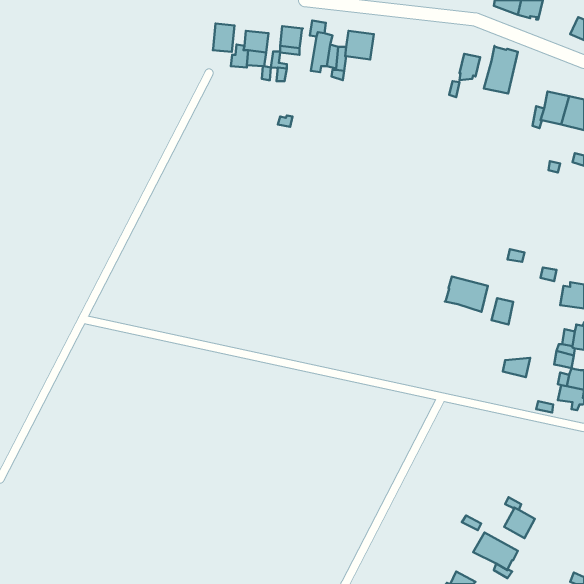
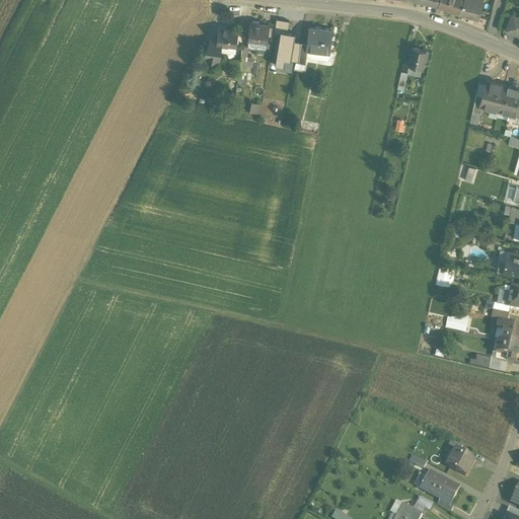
building: [213,23,235,52] -> none
building: [484,46,518,94] -> none
building: [445,276,488,312] -> none

